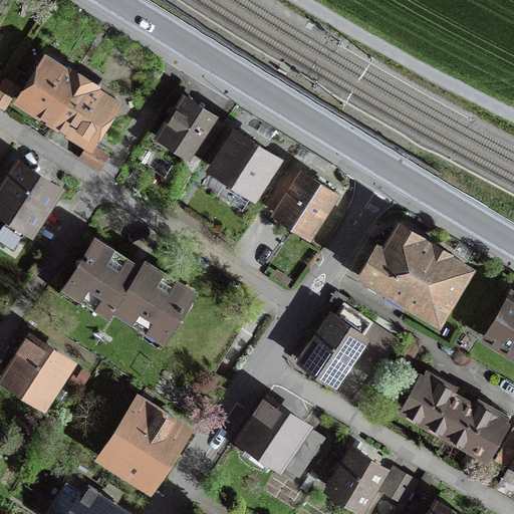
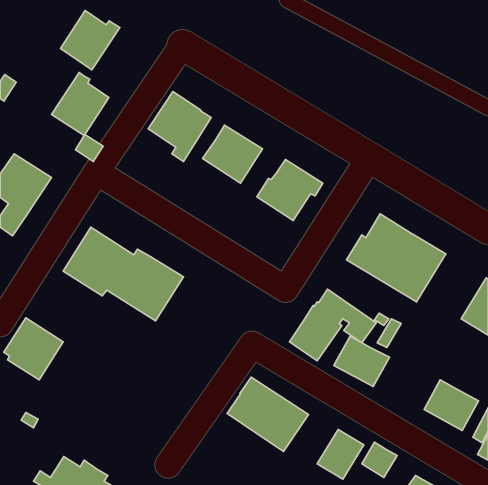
building: [21,61,83,123] -> [60,10,120,70]
building: [405,380,463,434] -> [334,336,389,387]
building: [107,402,185,483] -> none

